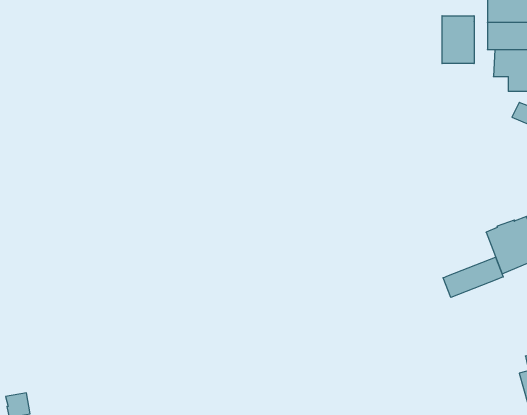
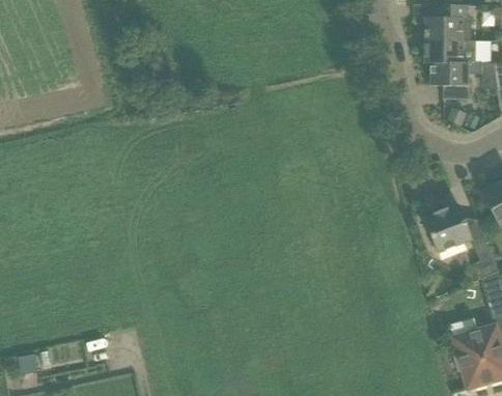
building: [442,16,474,64] -> none
building: [443,257,503,297] -> none

